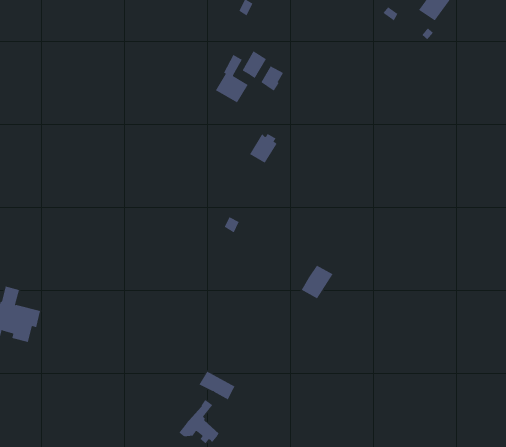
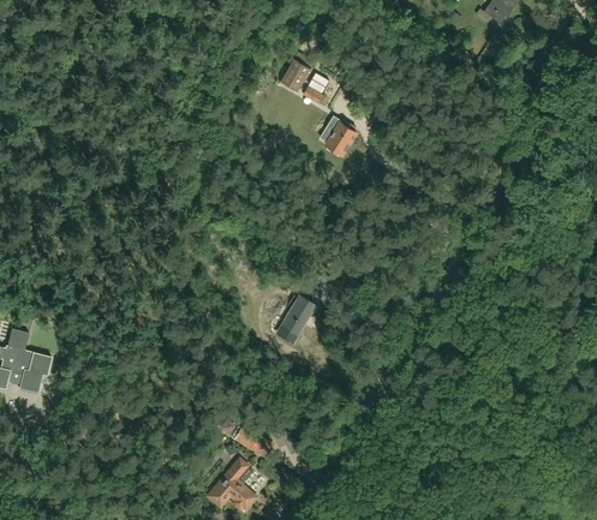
building: [215,54,249,103] -> none
building: [249,133,278,164] -> [324,121,357,156]
building: [301,265,333,299] -> [279,295,316,335]

